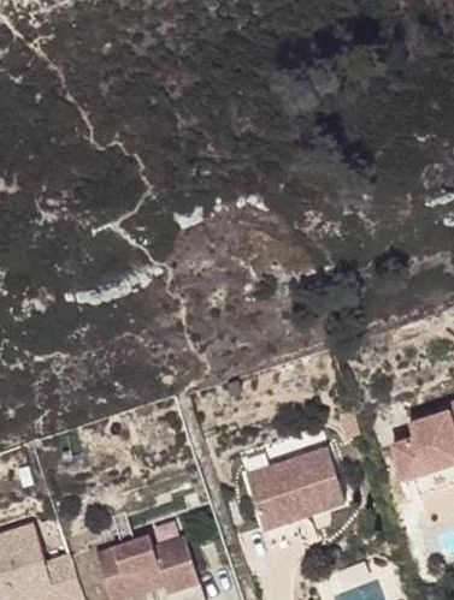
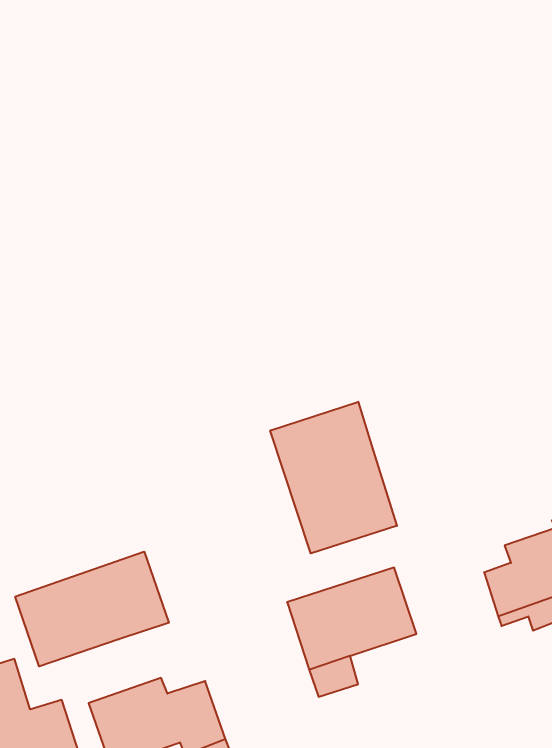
building: none -> [270,402,397,553]
building: none -> [15,552,169,666]

